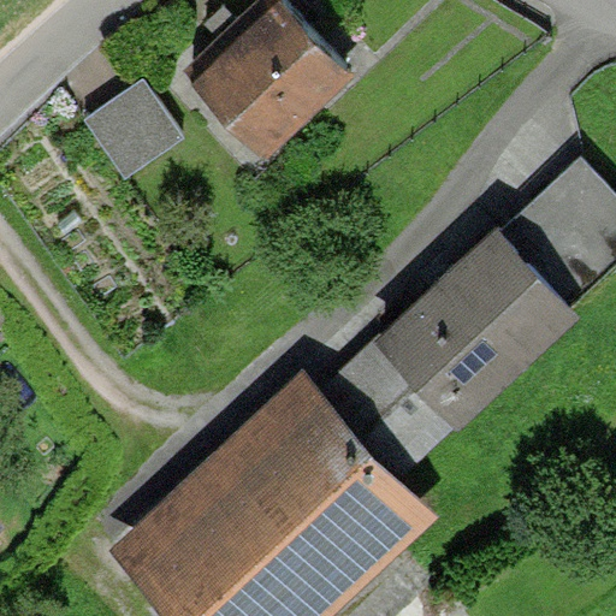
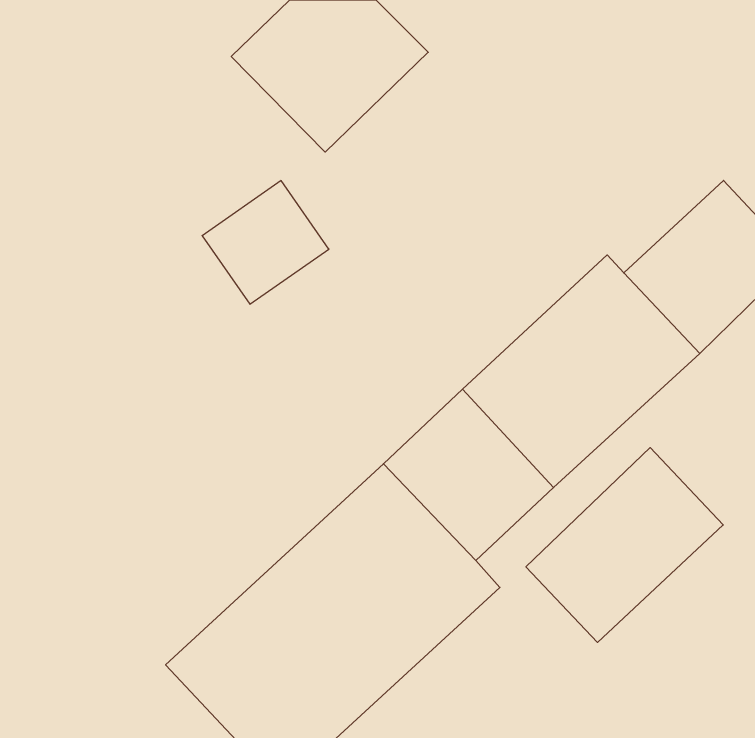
building: [83,75,185,174] -> [202,181,329,304]
building: none -> [526,448,723,642]

